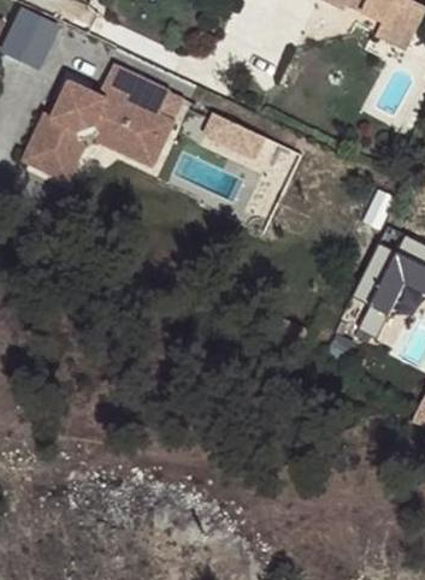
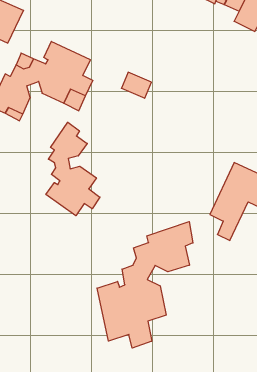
building: none -> [46,122,100,216]
building: none -> [97,222,193,348]

